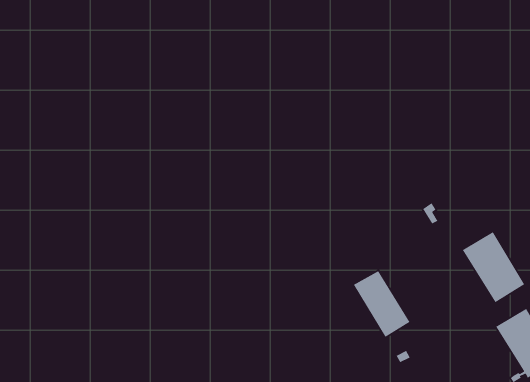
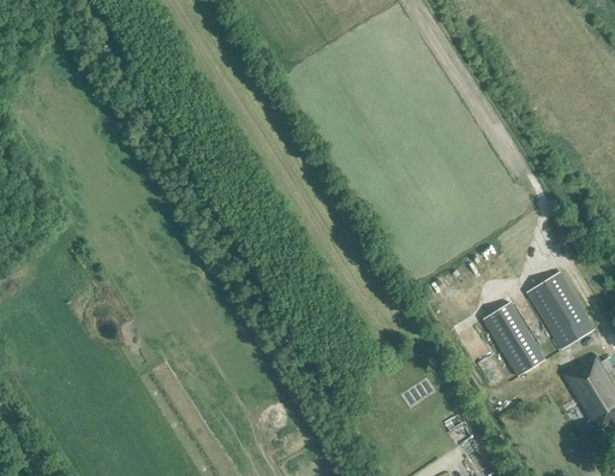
building: [353,270,411,338] -> [483,302,545,375]

